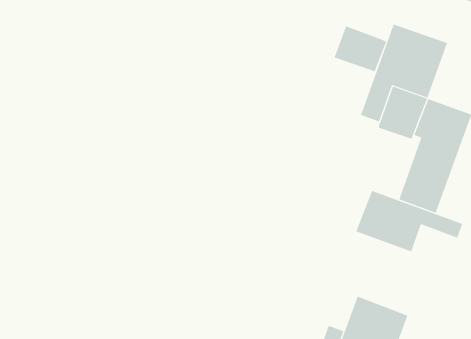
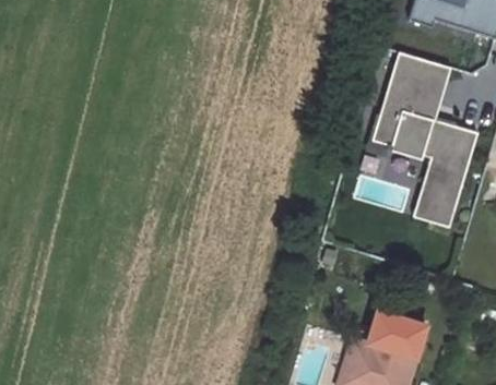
building: [334,26,387,72] -> none
building: [356,190,463,252] -> none

